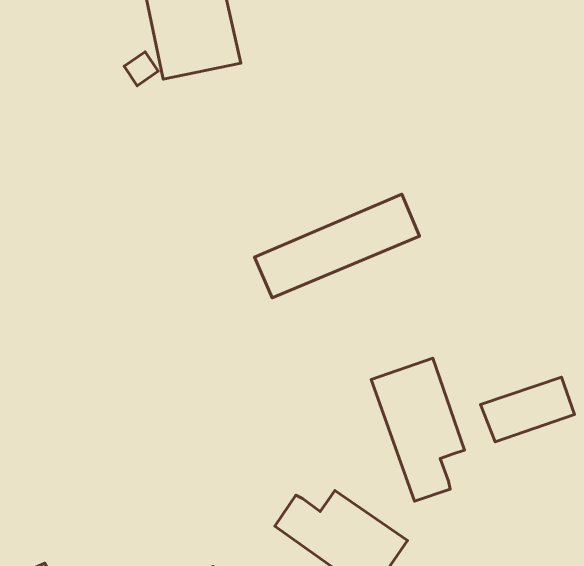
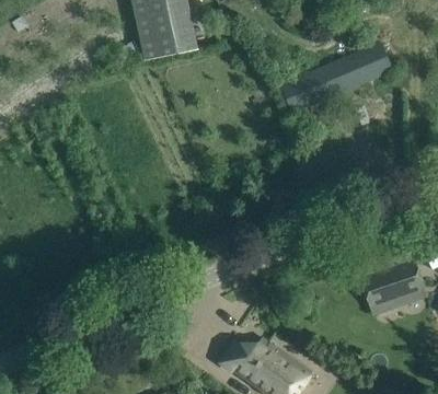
building: [254,194,420,298] -> [280,43,392,113]
building: [371,358,464,501] -> none

